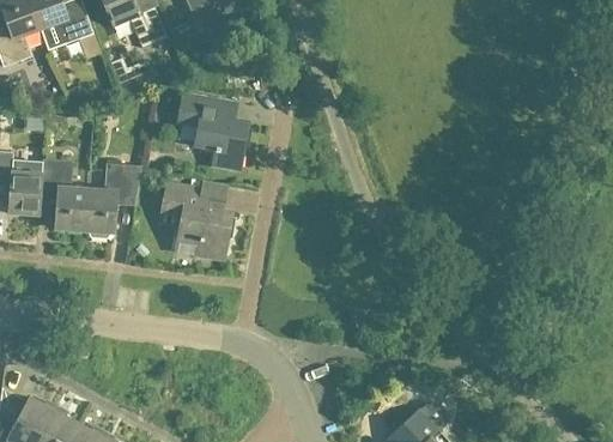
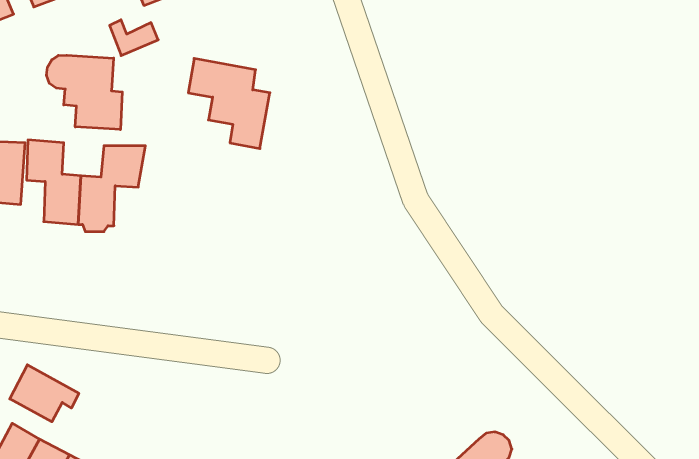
building: none -> [47,55,122,130]
building: [160,178,230,256] -> none
building: none -> [10,365,79,422]

